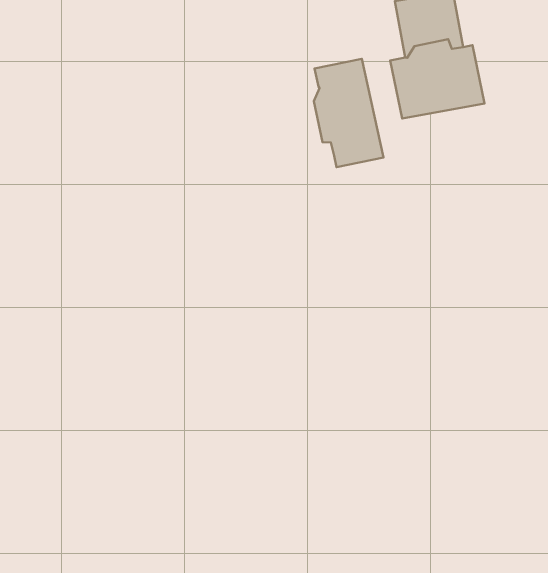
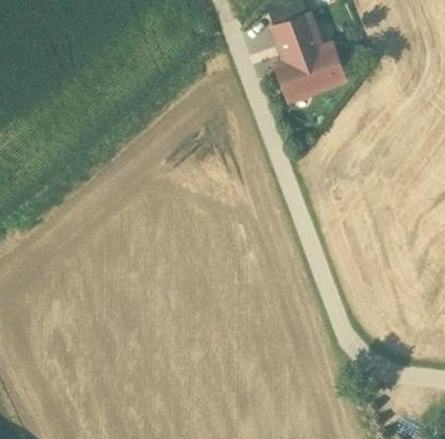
building: [314,59,383,167] -> none

